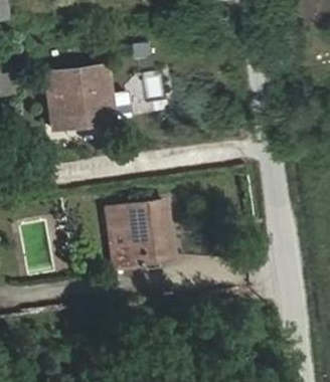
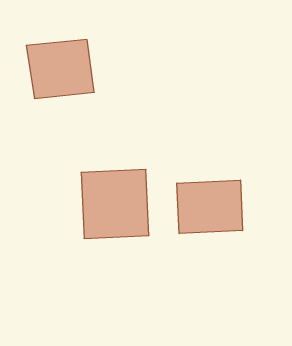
building: none -> [177,180,243,234]

